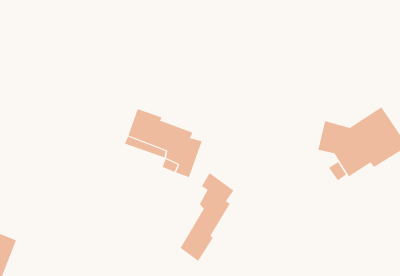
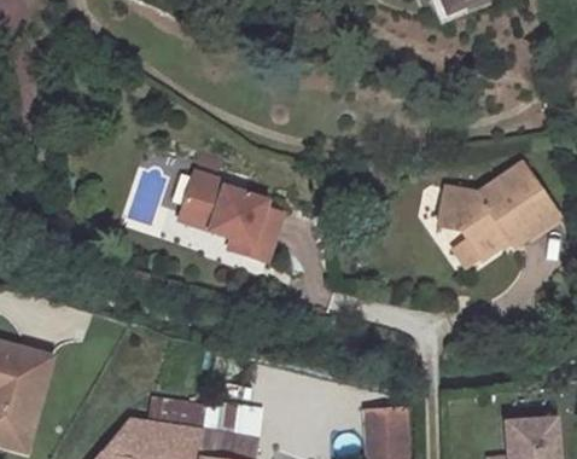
building: [180,172,234,262] -> none

